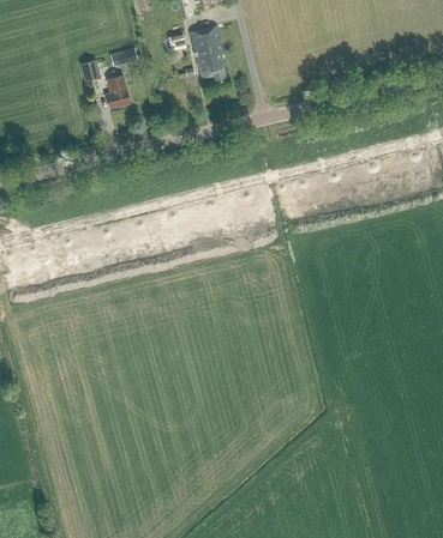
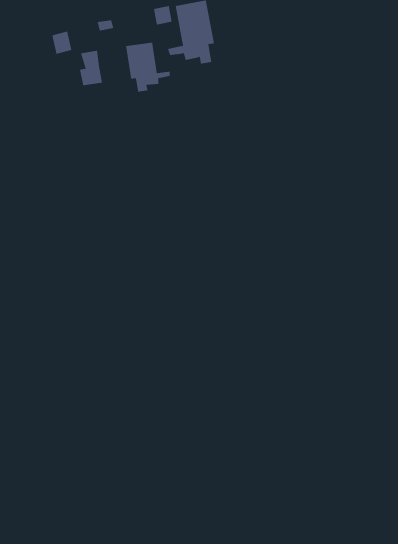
building: none -> [126,42,170,93]

